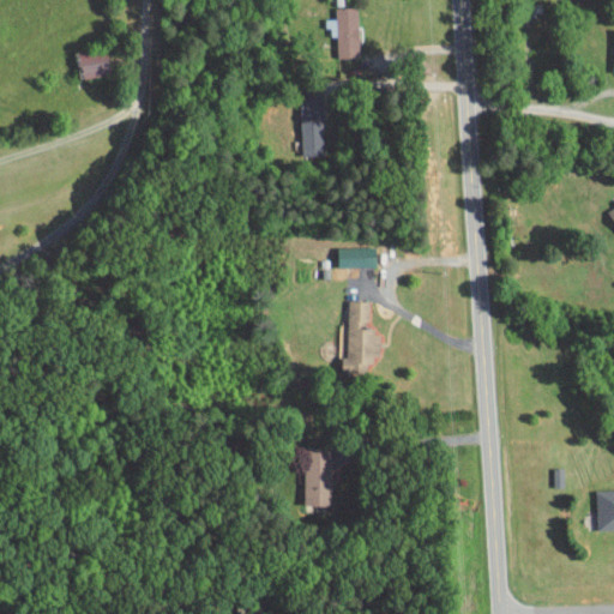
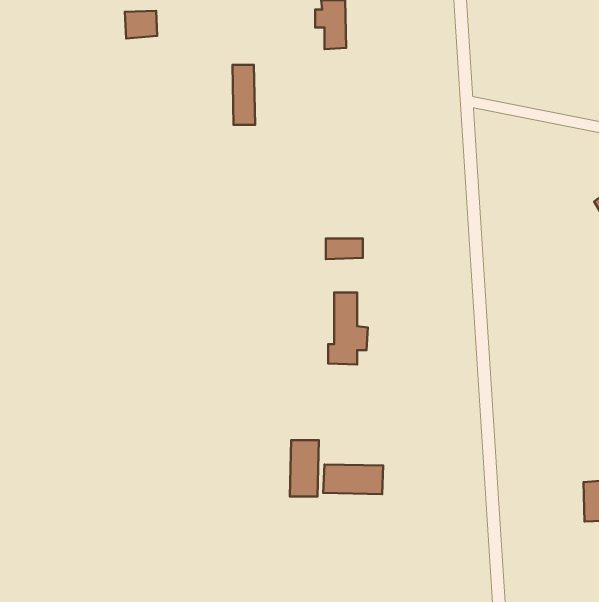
building: [78,52,110,79] -> [125,11,157,38]
building: [301,97,324,157] -> [232,65,255,125]
building: none -> [323,464,383,494]

